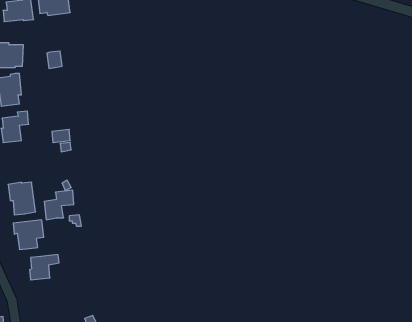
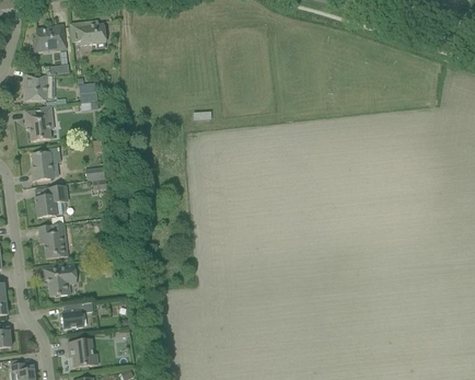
building: [44,190,74,220] -> [35,186,67,218]
building: none -> [67,338,99,367]

